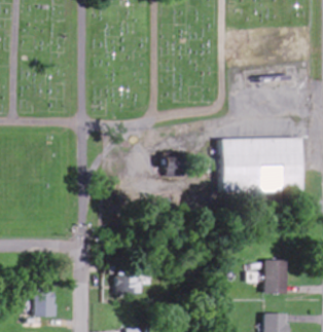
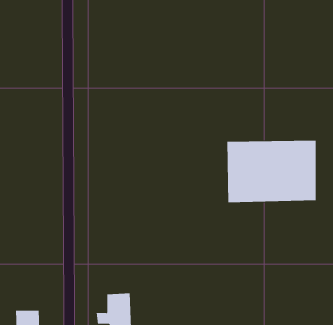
building: [264,260,288,294] -> none

